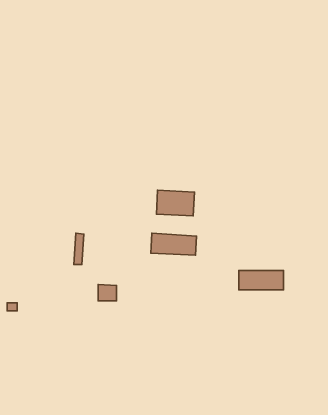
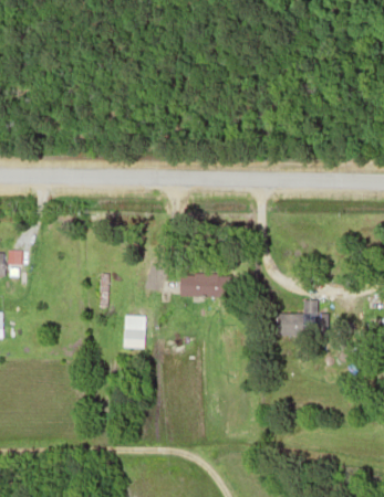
building: [156,190,194,216] -> none

